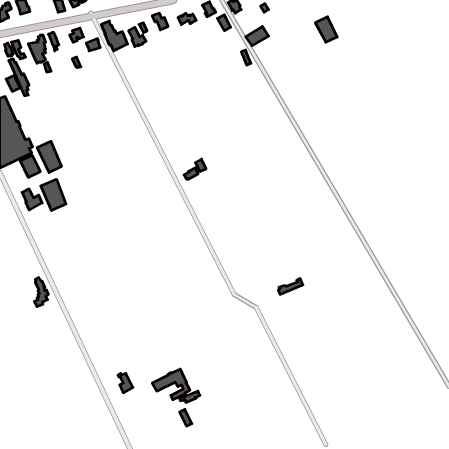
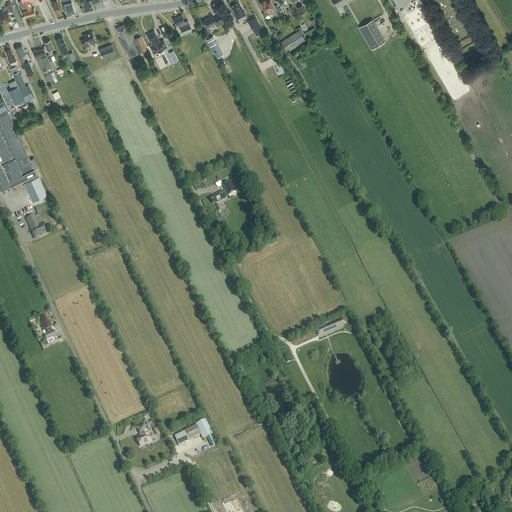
building: [37,141,61,173] -> none
building: [41,179,66,211] -> none

